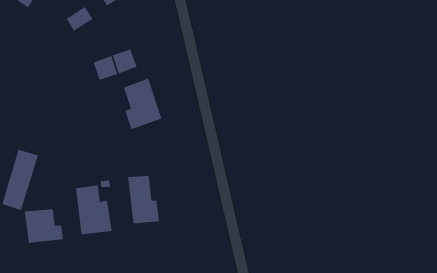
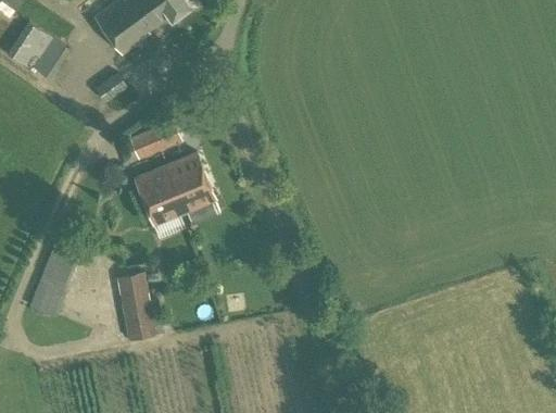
building: none -> [134,165,178,224]
building: [127,175,159,224] -> none
building: [24,208,63,244] -> none

